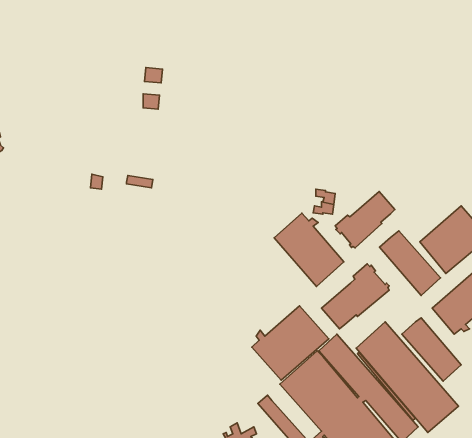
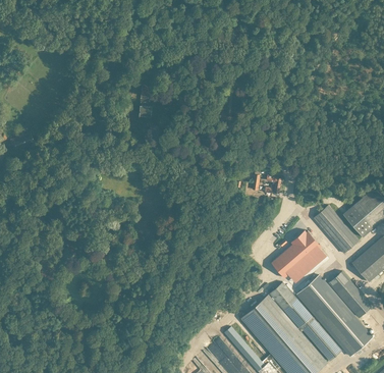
building: [335,191,395,248] -> none
building: [274,213,344,286] -> none
building: [252,306,329,380] -> none

